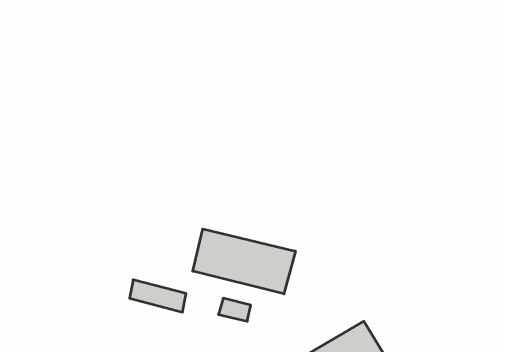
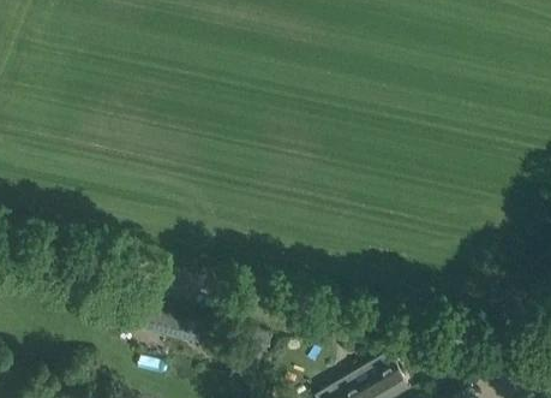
building: [193,229,295,294] -> none

